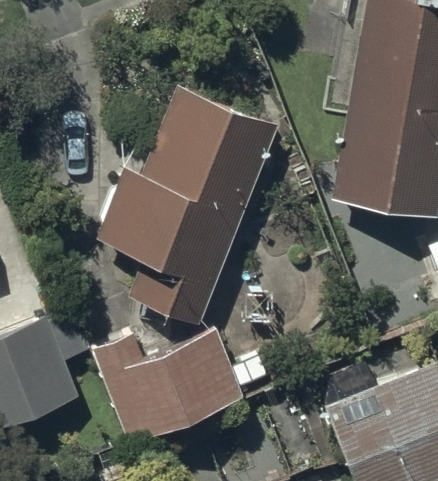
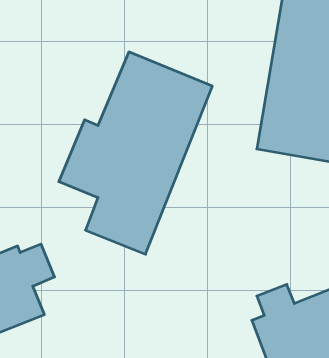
building: [92,329,269,444] -> none

